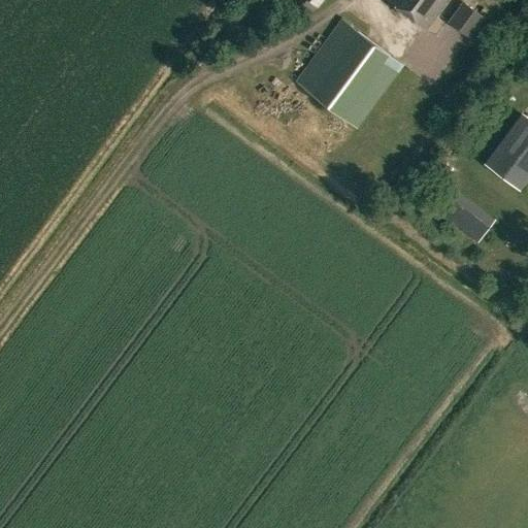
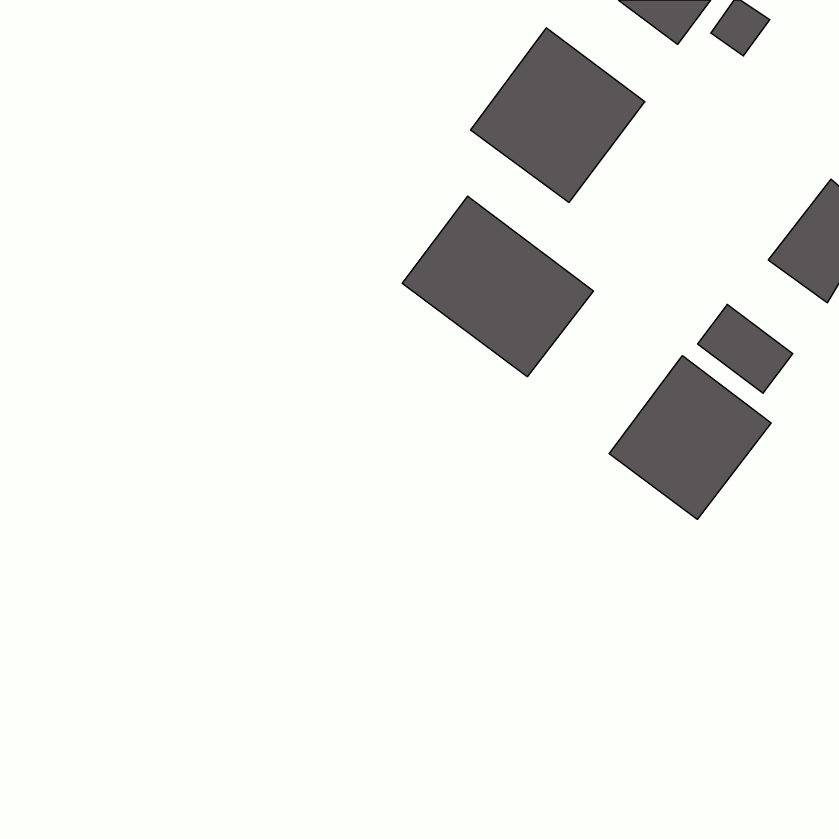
building: none -> [402,196,593,377]
building: none -> [609,356,771,519]

